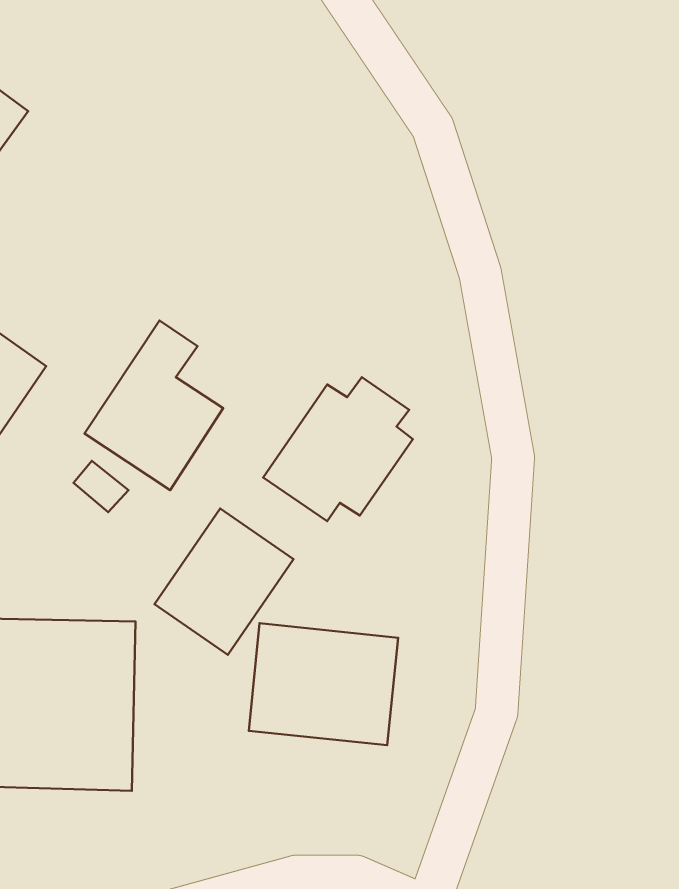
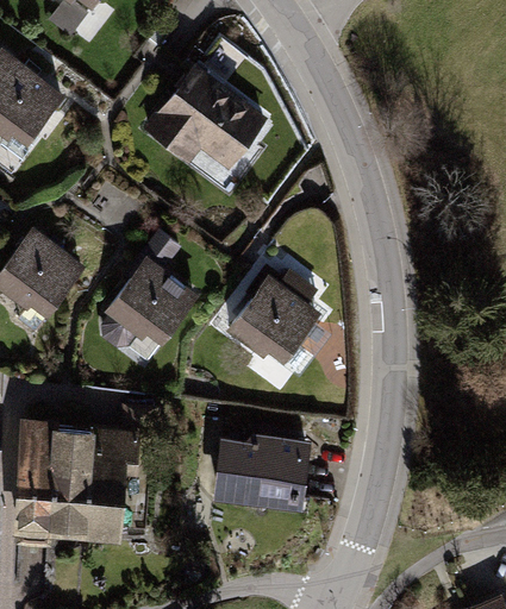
building: none -> [143,64,267,171]
building: [154,508,294,655] -> none

